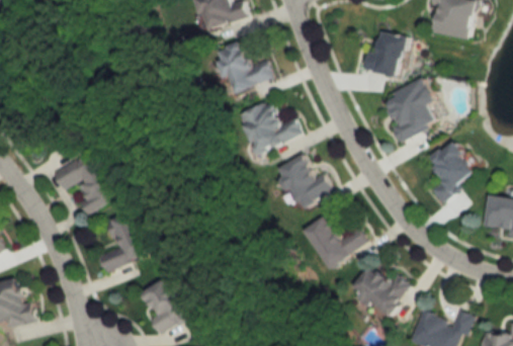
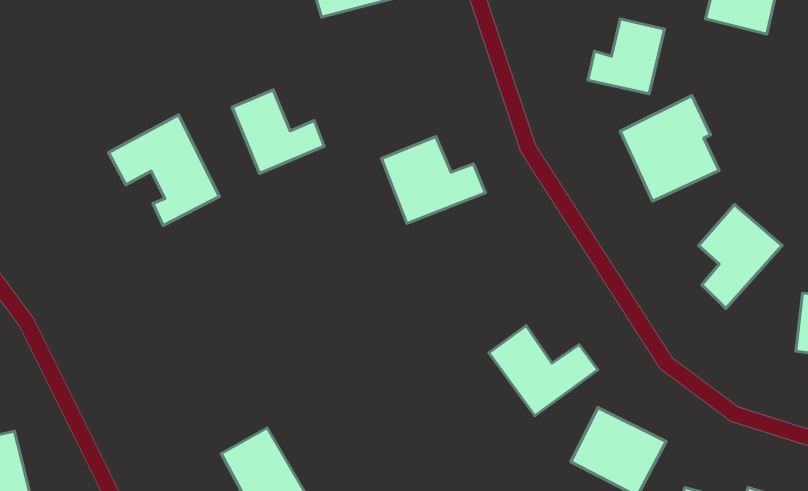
building: [215,44,269,93] -> [232,90,324,173]
building: [52,149,117,214] -> [109,115,220,226]
building: [277,154,331,207] -> none
building: [97,210,149,271] -> none

